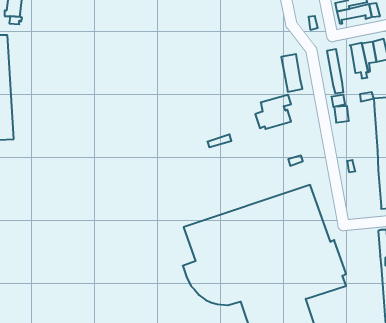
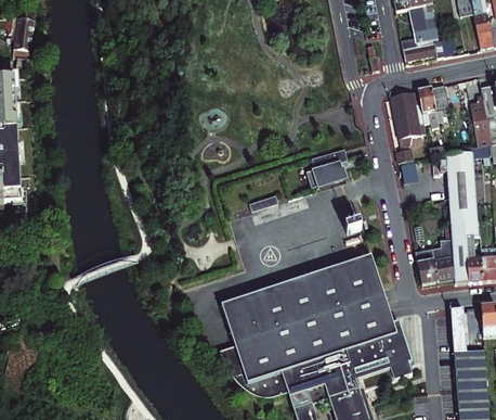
building: [281,54,302,92] -> [402,91,427,136]
building: none -> [415,238,455,285]

